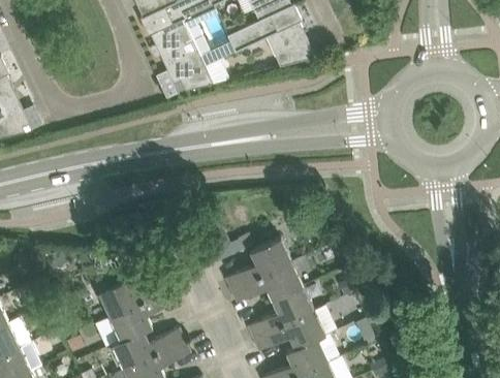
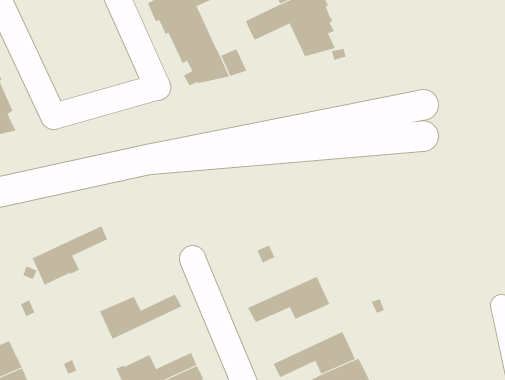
building: [224,238,290,289] -> none
building: [246,286,313,339] -> none
building: [108,288,176,341] -> [32,226,108,285]

